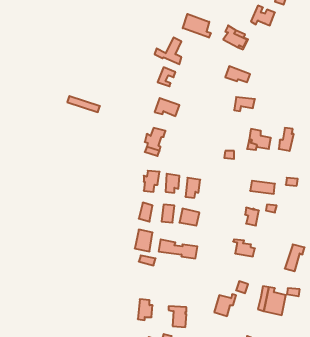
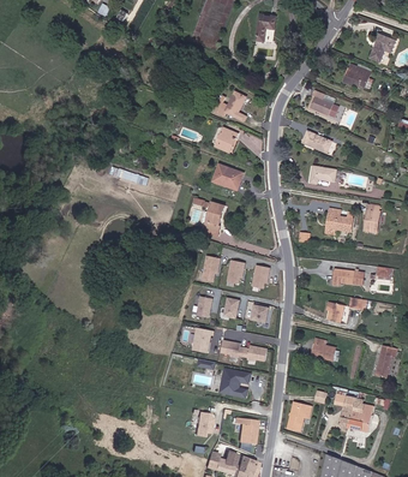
building: [183,14,211,38] -> none
building: none -> [223,370,252,399]

